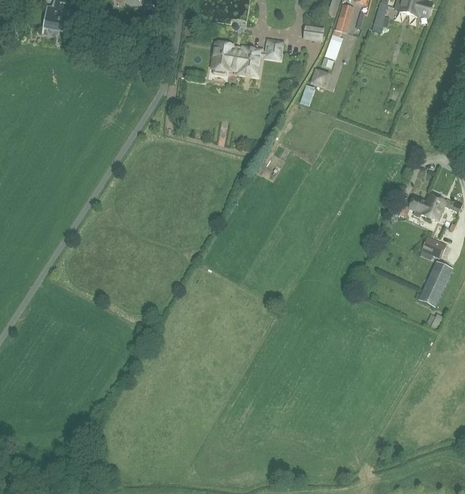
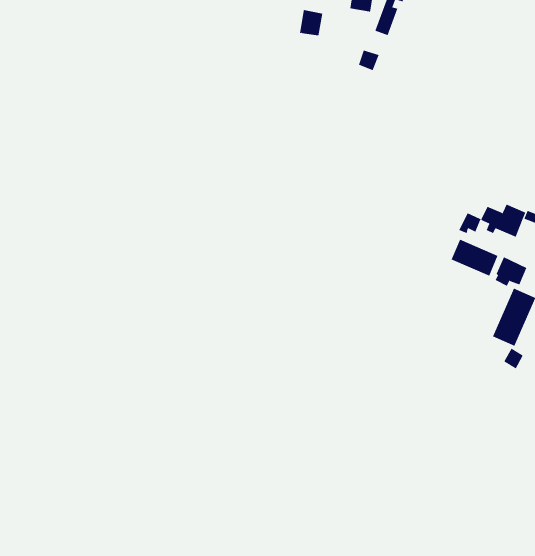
building: [212,44,262,77] -> none
building: none -> [451,239,498,276]

